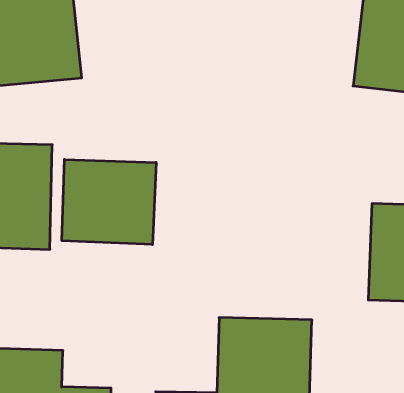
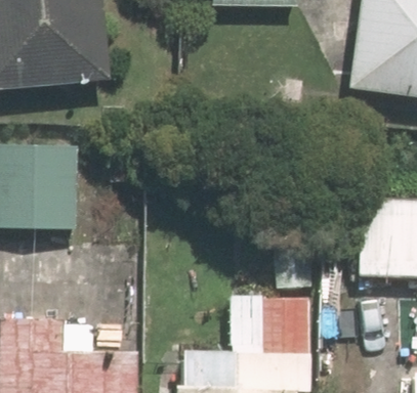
building: [62,159,156,245] -> none

